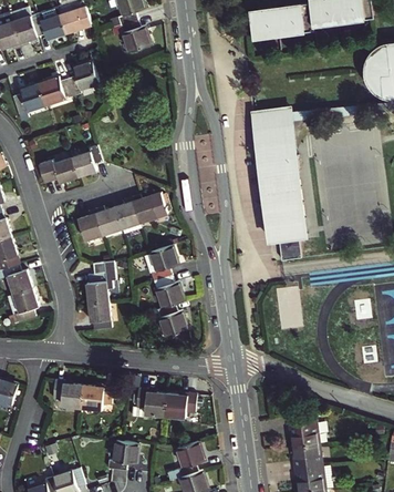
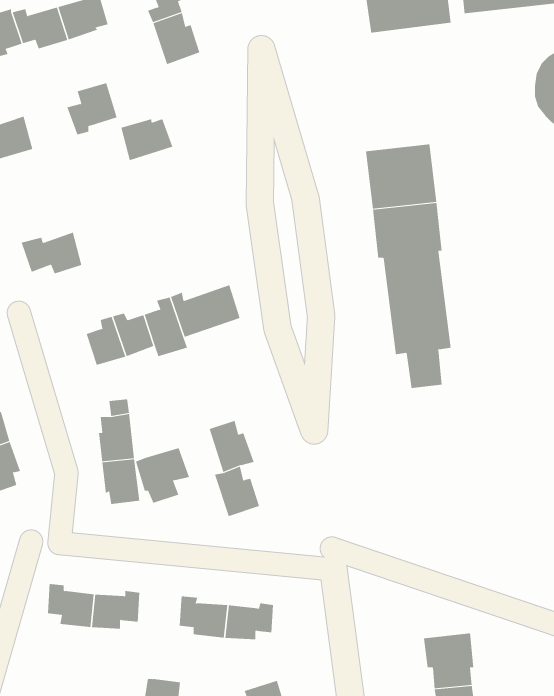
building: [38,80,71,106] -> [121,119,173,161]
building: [69,146,101,180] -> none
building: [143,247,177,283] -> [135,447,190,504]

